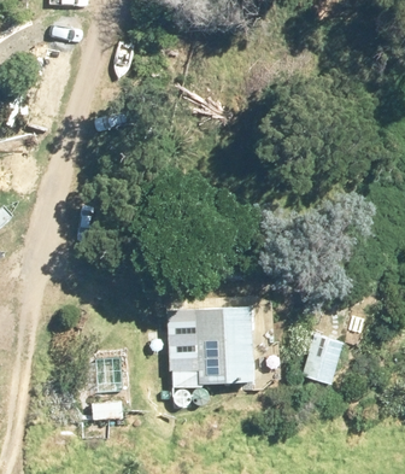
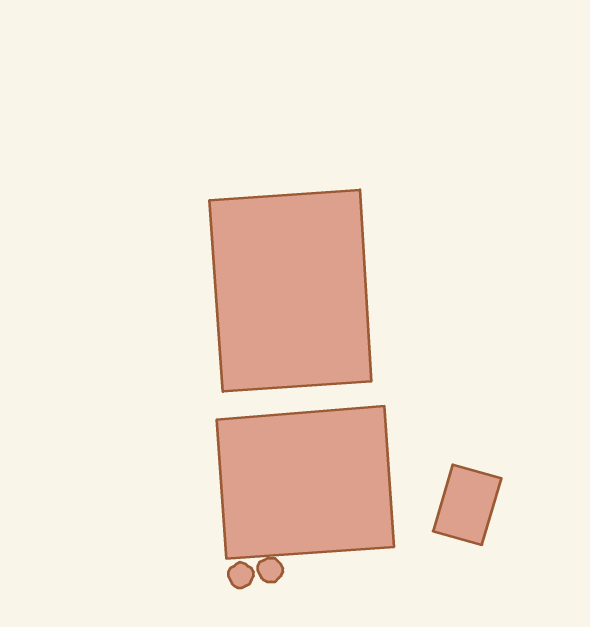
building: none -> [210,190,371,392]

